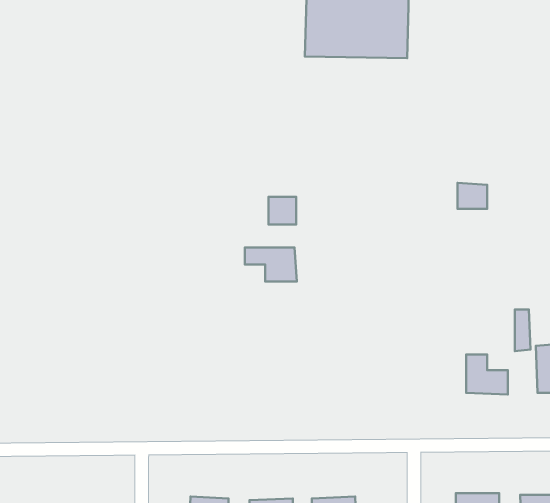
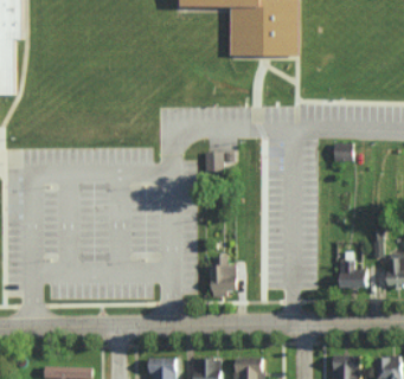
building: [245,247,297,282] -> none
building: none -> [210,256,236,296]

